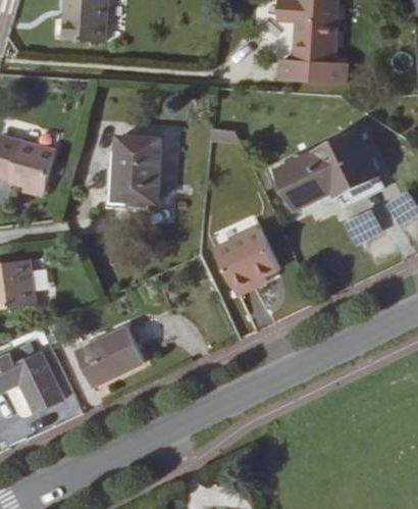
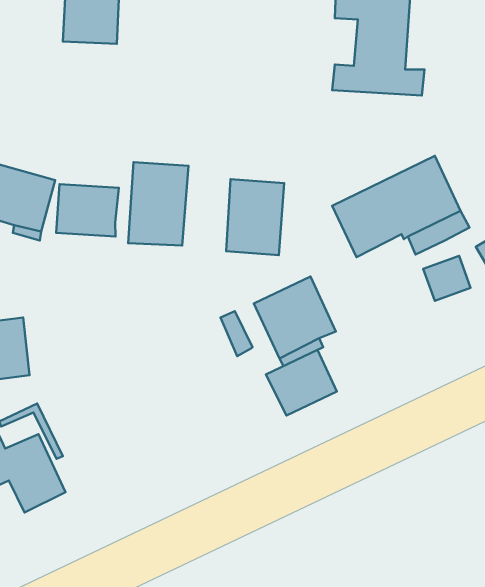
building: none -> [226,179,284,255]
building: none -> [56,184,119,236]
building: none -> [266,350,337,415]
building: [75,325,144,387] -> none

